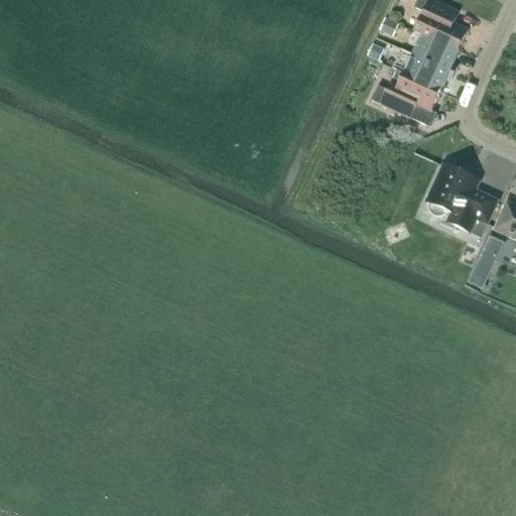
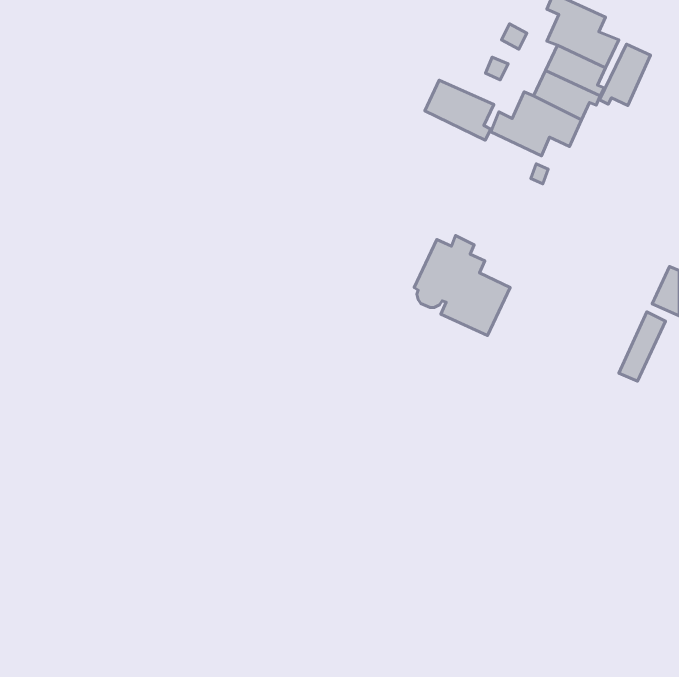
building: none -> [600,44,650,106]
building: none -> [425,80,494,140]
building: [425,161,498,237] -> [414,236,510,335]

